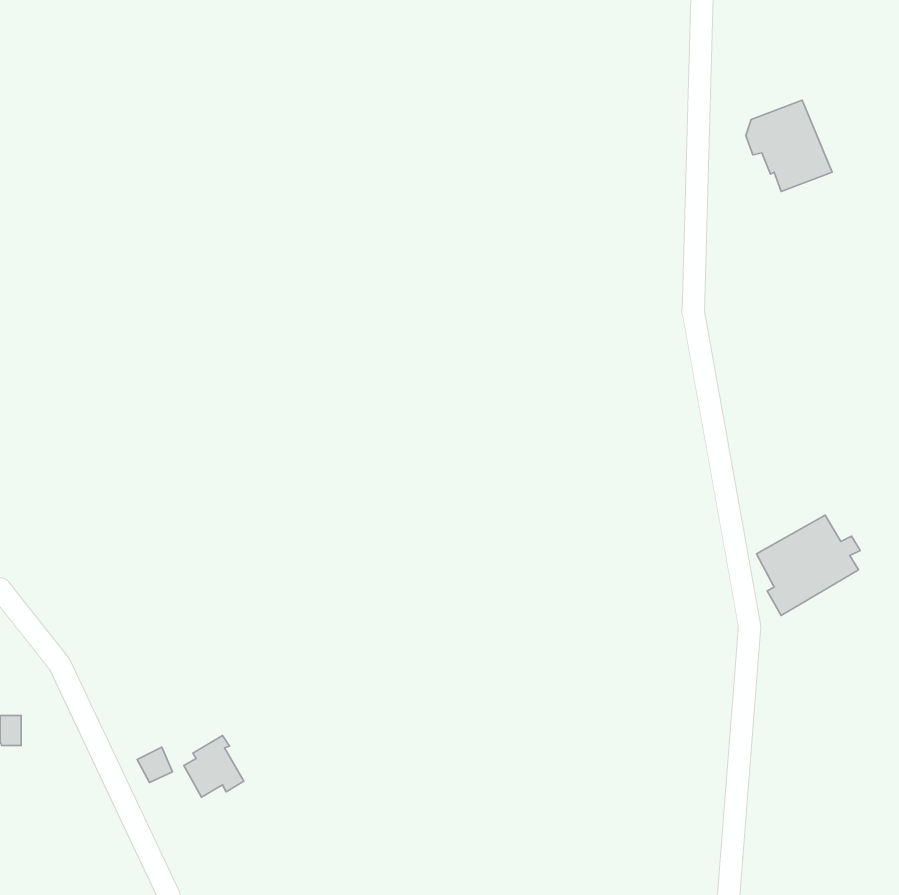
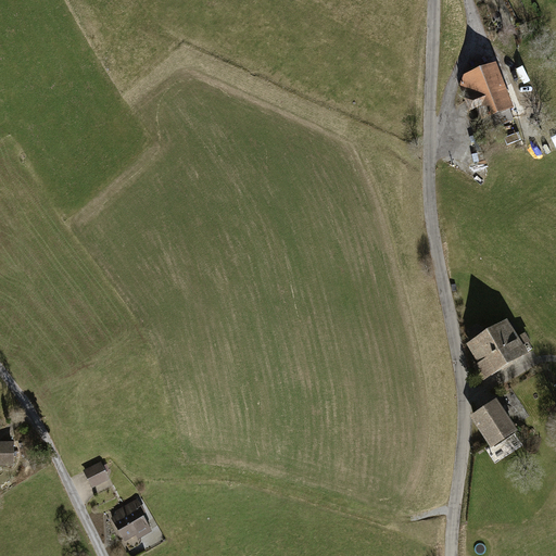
building: none -> [470,399,519,446]
building: [184,736,244,797] -> [113,500,150,538]

